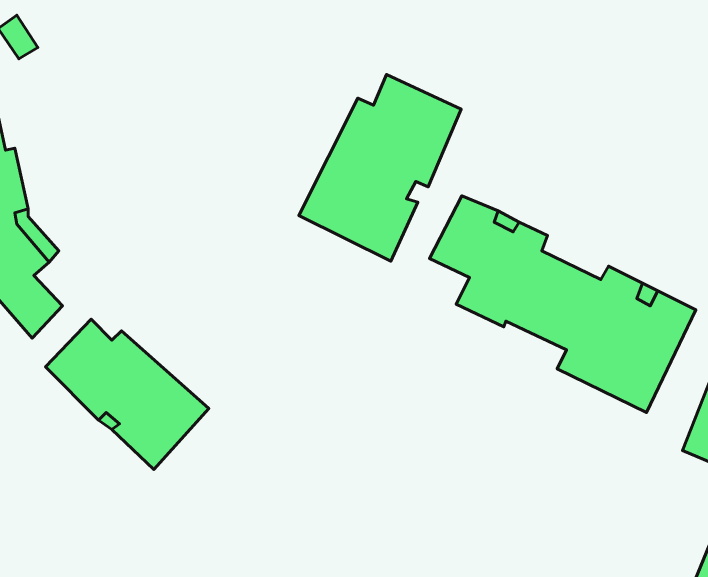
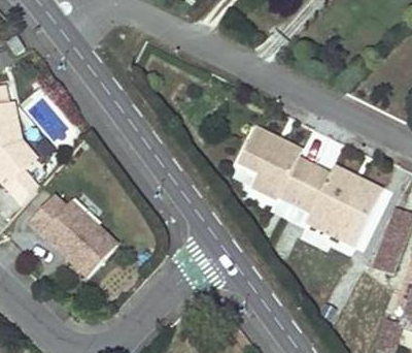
building: [299,74,461,261] -> none

